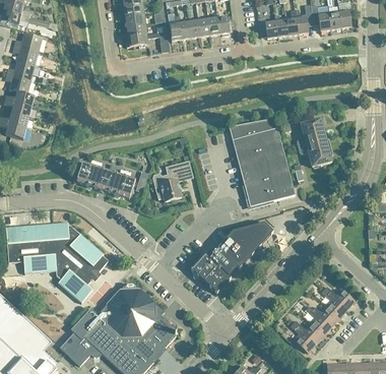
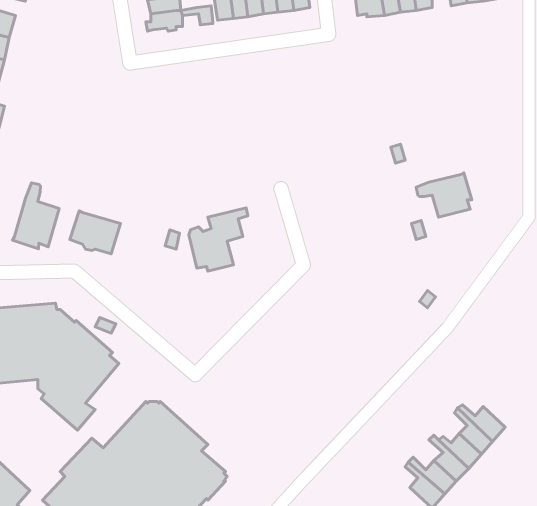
building: [229,117,295,205] -> none
building: [297,117,326,146] -> none
building: none -> [12,183,59,249]
building: [103,170,135,197] -> none
building: [190,222,273,293] -> none

